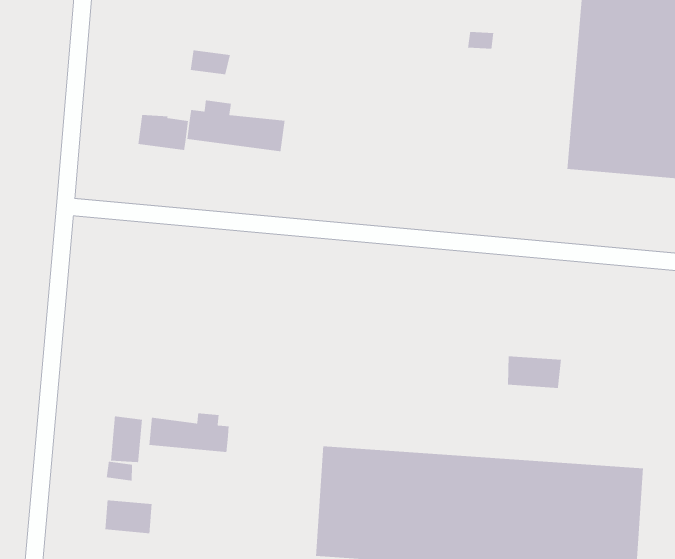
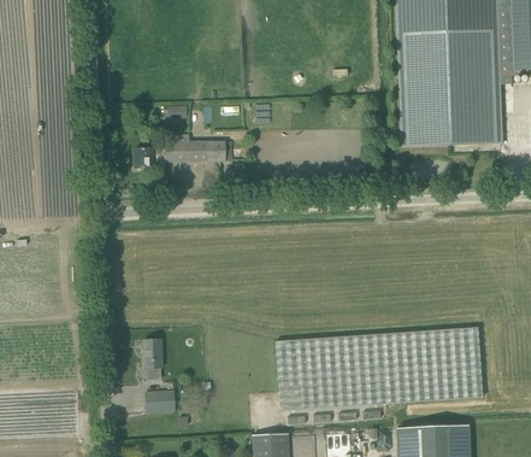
building: [507,355,562,389] -> none
building: [148,412,230,453] -> none

